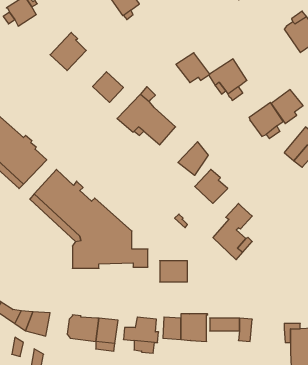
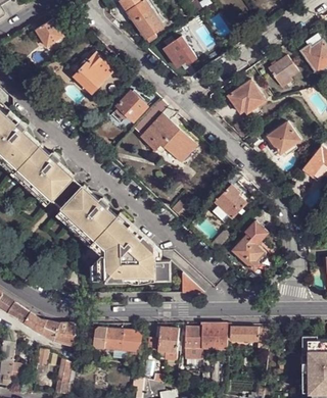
building: [176,53,210,83] -> [164,37,196,65]
building: [271,90,303,124] -> [268,56,298,89]
building: [178,142,208,175] -> none

